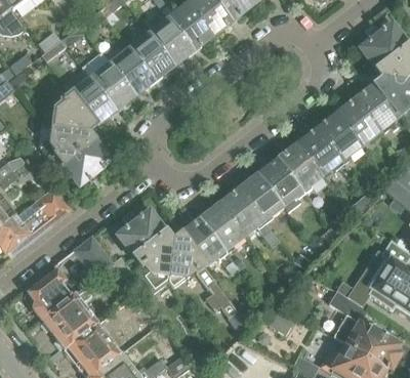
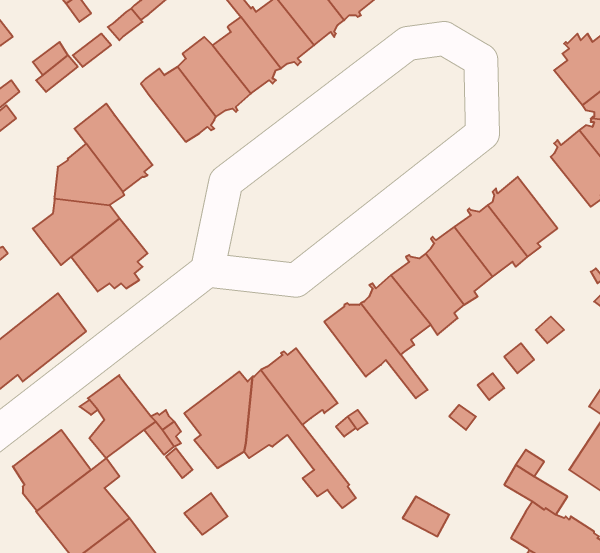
building: [82,52,132,106] -> none
building: [336,100,381,144] -> none
building: [200,202,243,252] -> none
building: [113,208,165,258] -> none

